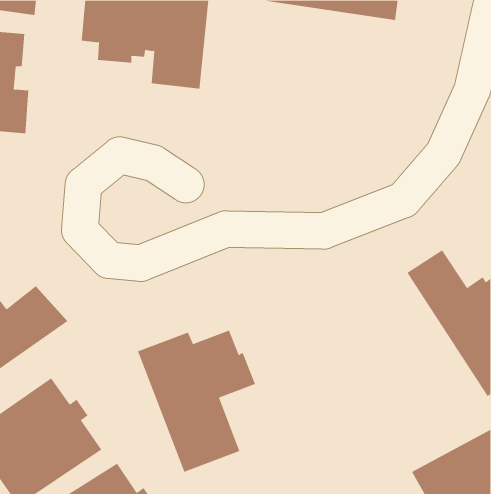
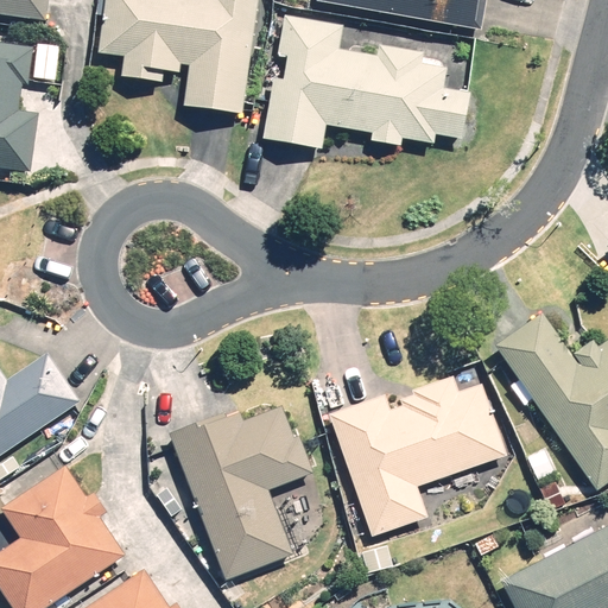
building: none -> [266,15,469,146]
building: none -> [329,368,505,537]

